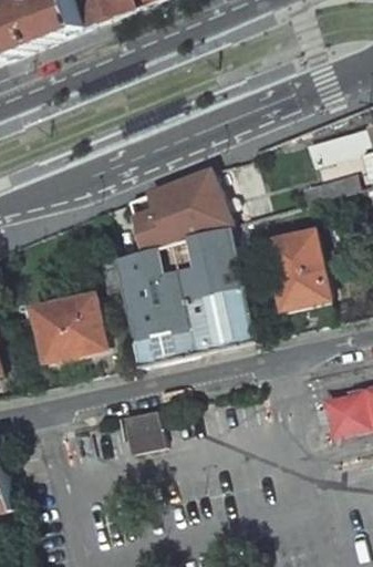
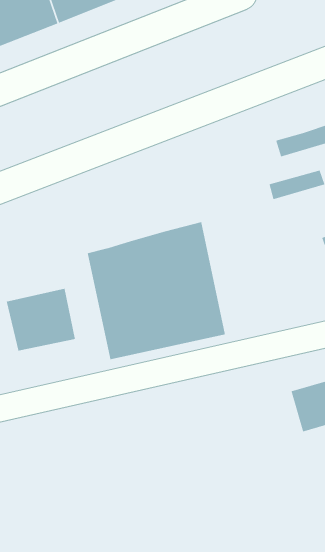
building: [131,168,230,250] -> none
building: [266,228,327,302] -> none
building: [121,413,162,455] -> none

